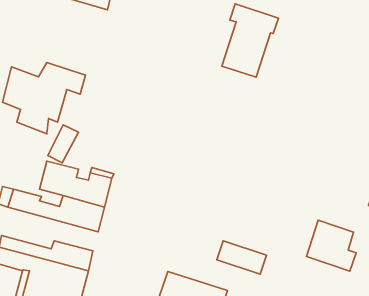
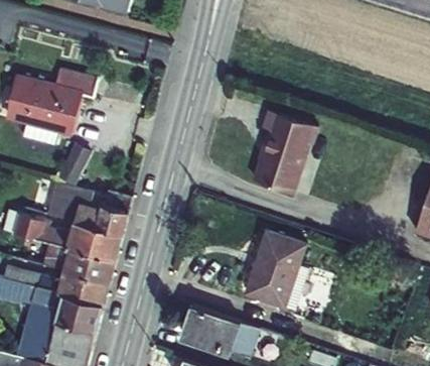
building: [222,4,279,77] -> [253,111,316,193]
building: none -> [42,244,114,283]
building: [307,220,356,271] -> [253,232,308,288]

